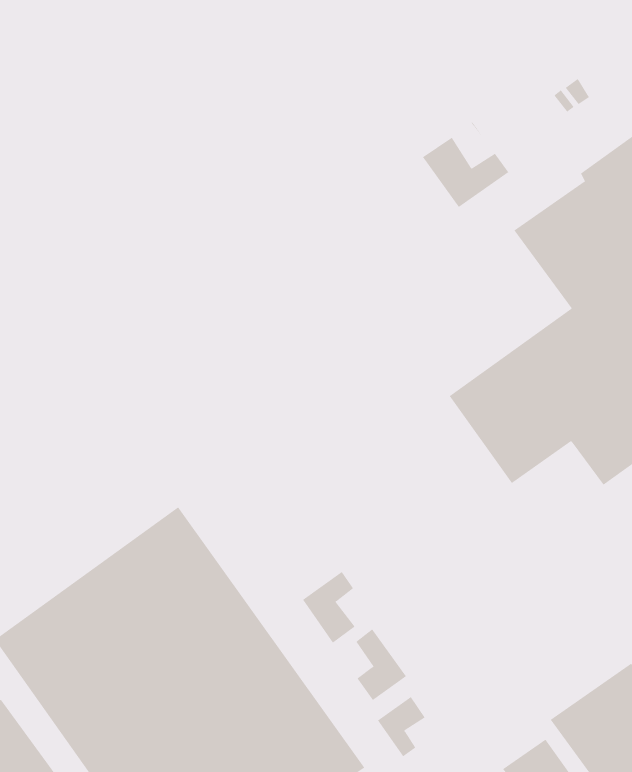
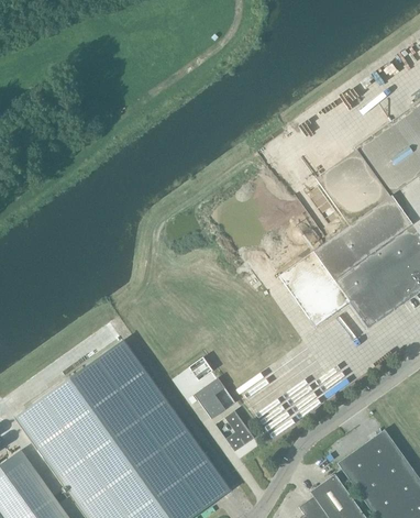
building: [422,121,509,208] -> none
building: [377,696,437,757] -> none

